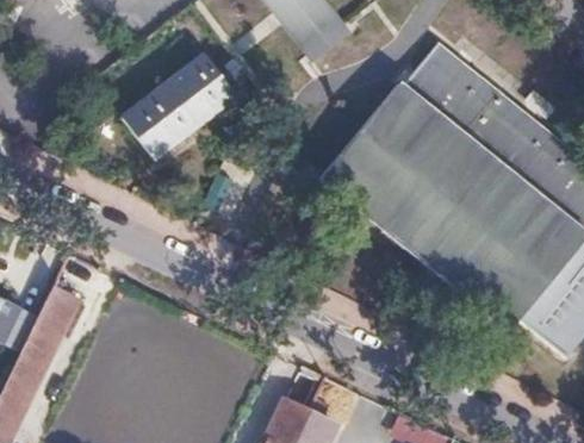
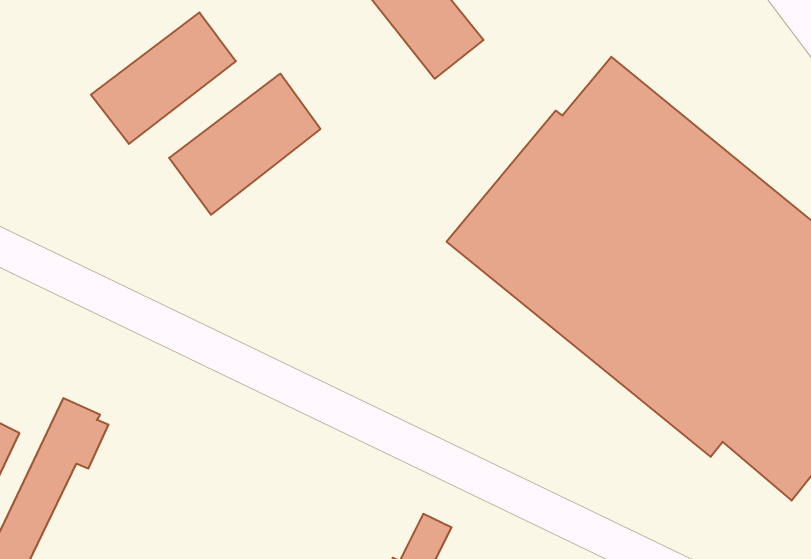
building: none -> [91,12,236,144]

